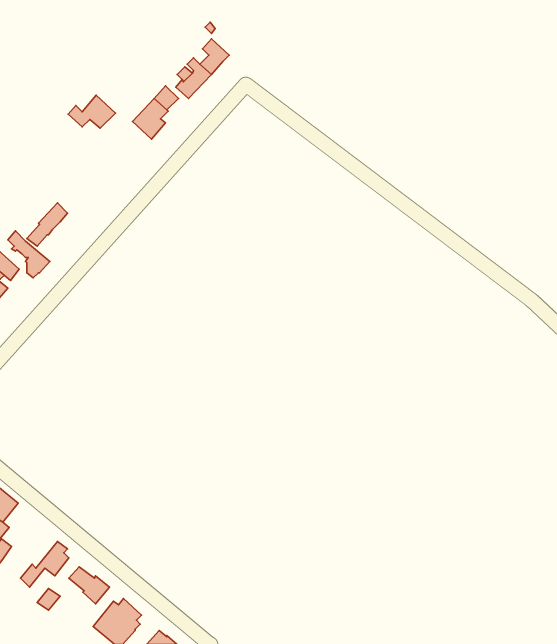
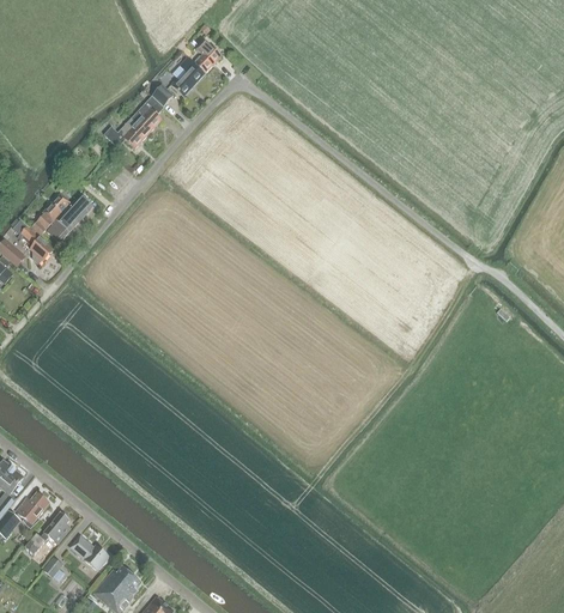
building: [68,95,115,128] -> [104,116,148,147]
building: none -> [47,194,92,241]
building: none -> [16,491,49,526]

